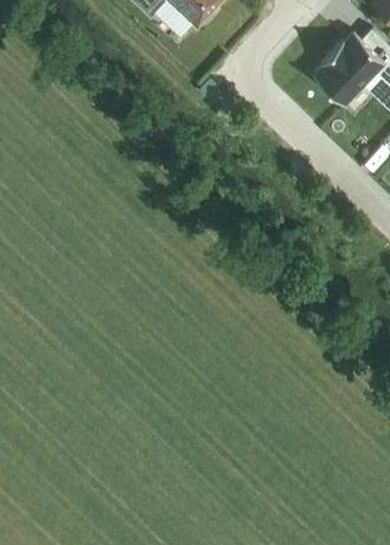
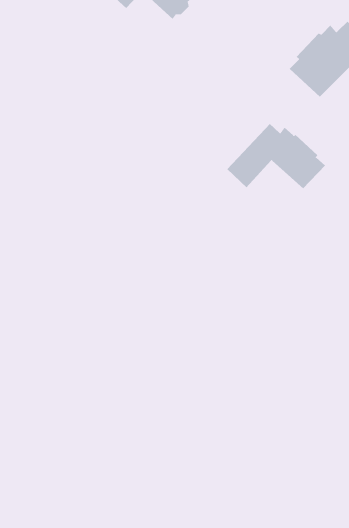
building: none -> [227,123,326,189]

